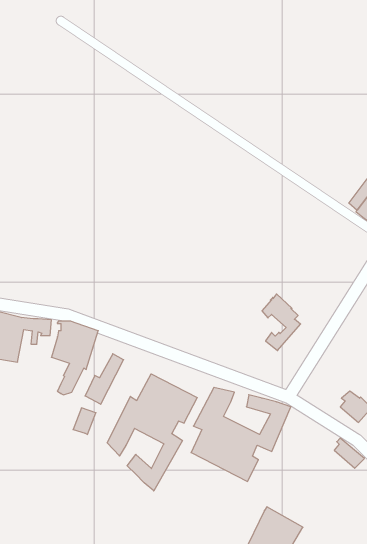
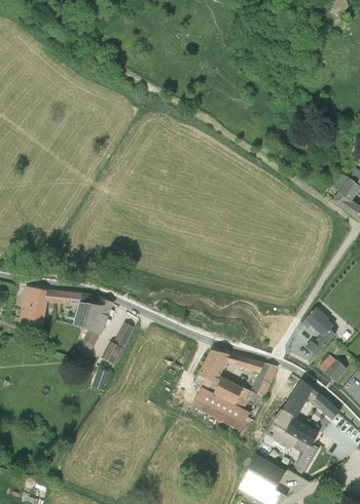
building: [262,294,301,351] -> [302,307,335,355]
building: [107,374,197,491] -> none
building: none -> [265,380,319,472]

